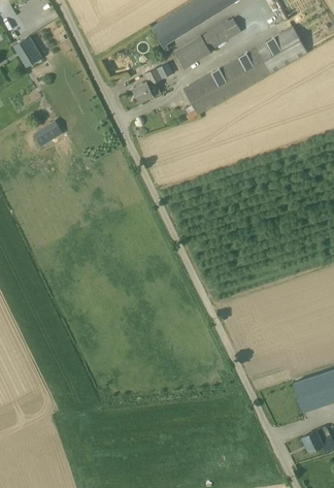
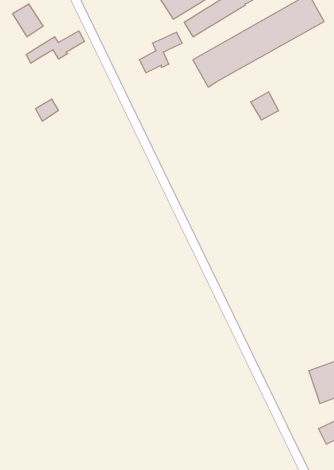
building: none -> [26,31,84,63]
building: none -> [251,92,279,120]

